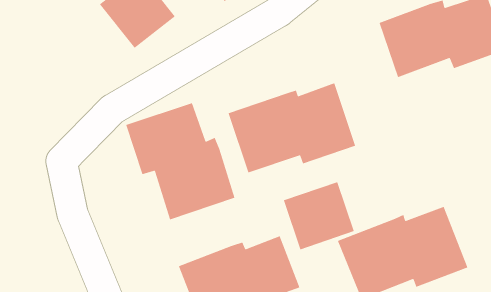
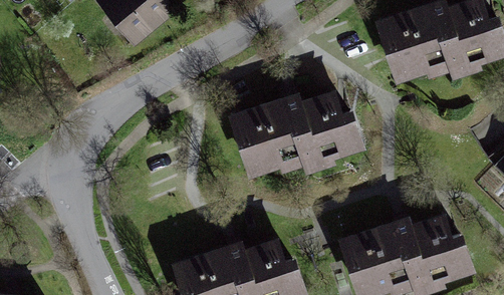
building: [125,102,235,221] -> none
building: [283,181,355,250] -> none

